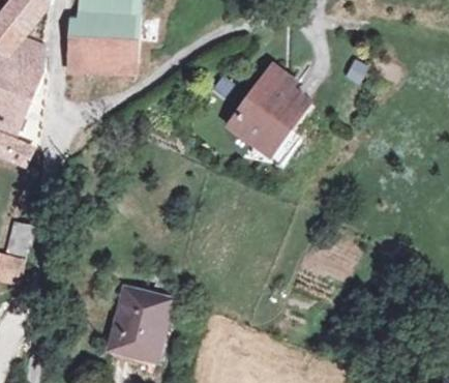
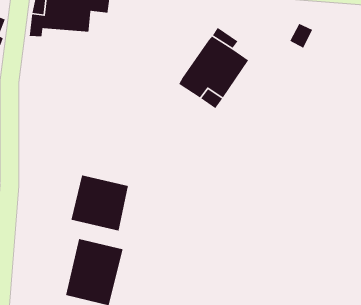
building: none -> [71,174,129,231]

